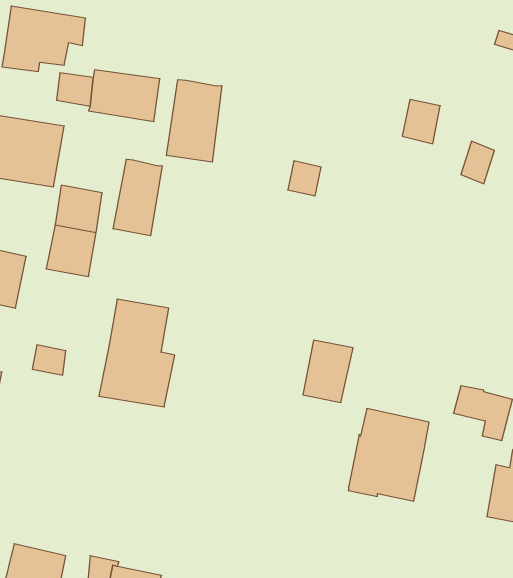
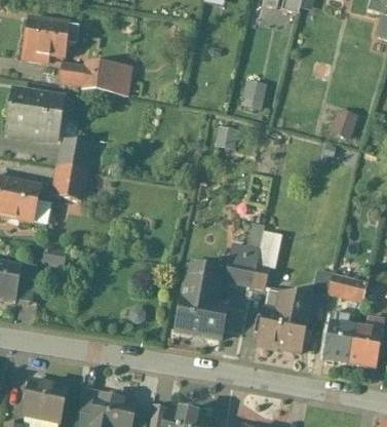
building: [167,80,222,162] -> none
building: [402,100,440,144] -> [240,77,266,107]
building: [113,159,162,236] -> none
building: [99,299,175,407] -> [175,267,226,340]
building: none -> [250,231,281,288]
building: none -> [322,312,355,363]

